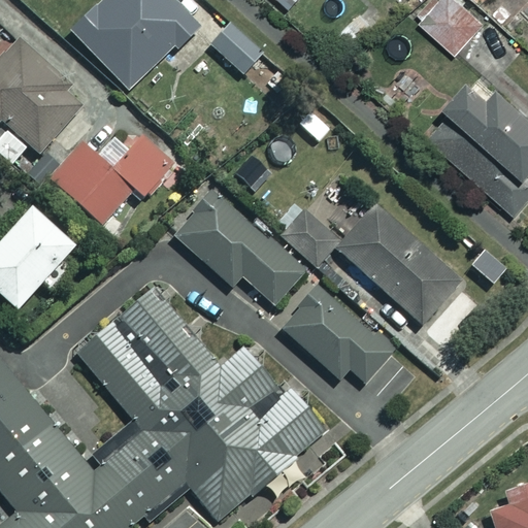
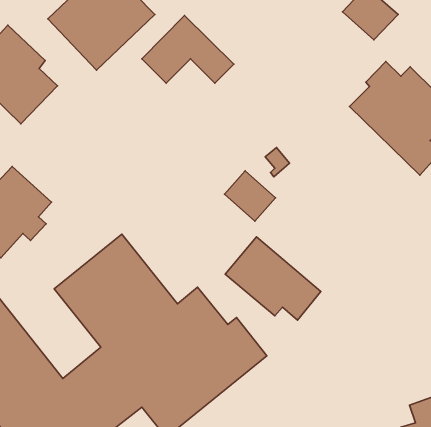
building: [51,136,174,225] -> none
building: [171,190,306,308] -> none
building: [335,204,459,324] -> none

